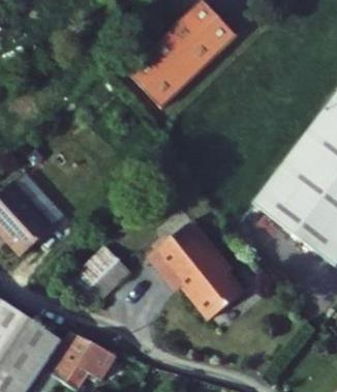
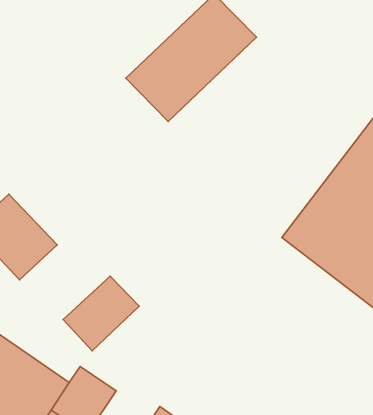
building: [137,223,236,323] -> none

